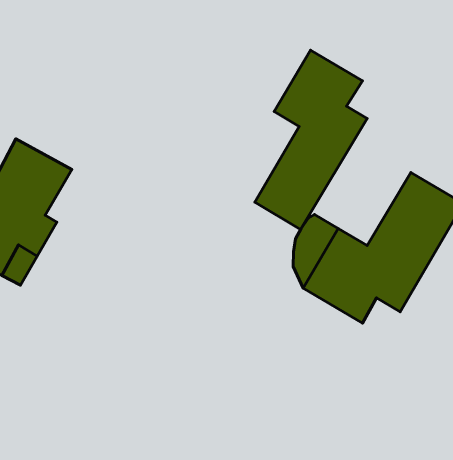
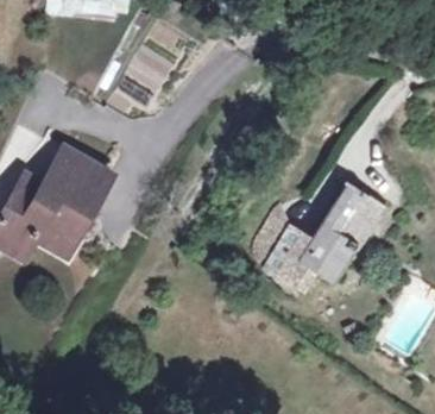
building: [255,50,367,230] -> none

